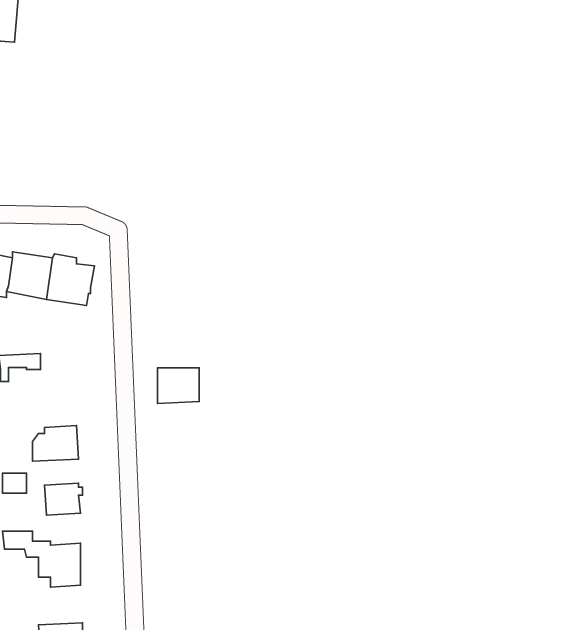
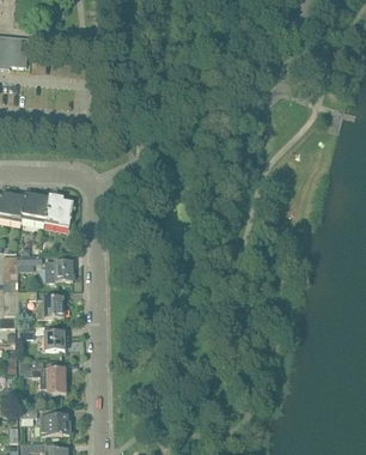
building: [157,368,199,404] -> [48,260,73,281]

